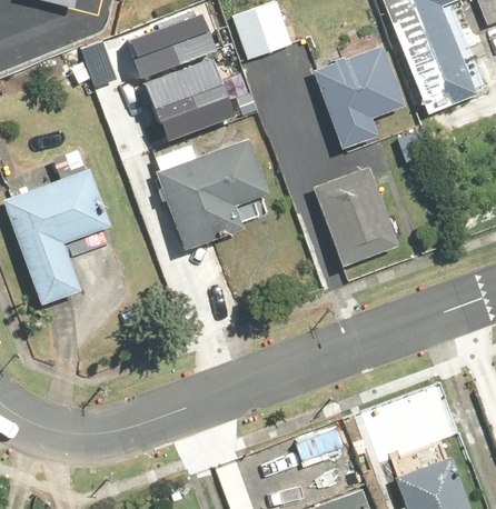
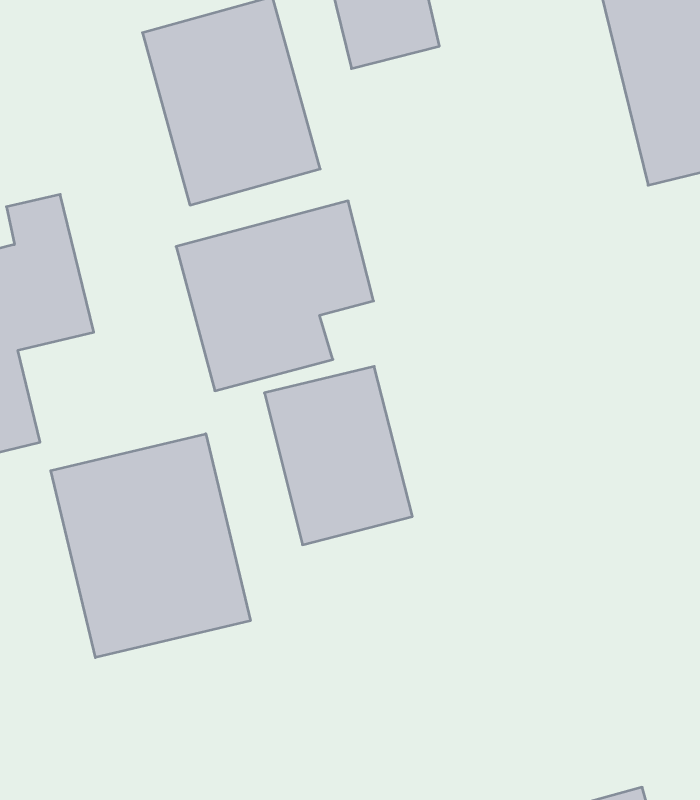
building: [311,40,408,150] -> none
building: [313,162,404,268] -> [264,366,412,545]
building: none -> [51,434,250,658]

